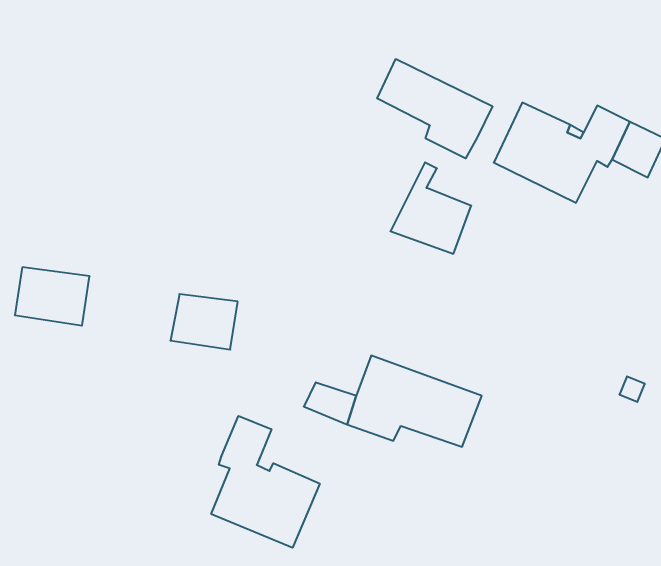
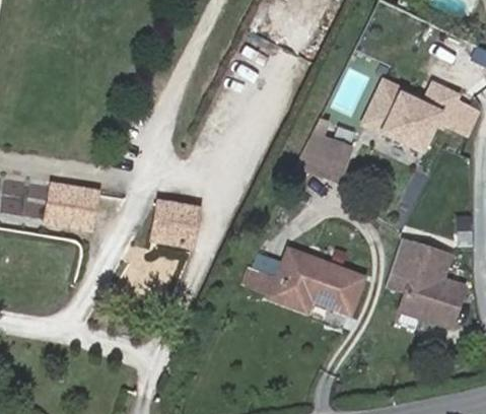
building: [377,59,492,158] -> none
building: none -> [389,236,465,326]
building: [211,416,320,548] -> none

